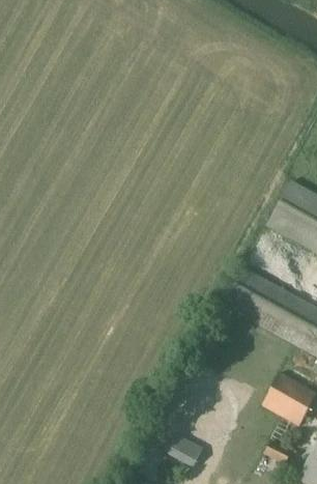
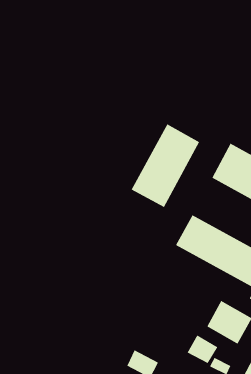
building: none -> [131,123,200,208]
building: none -> [187,335,218,364]

